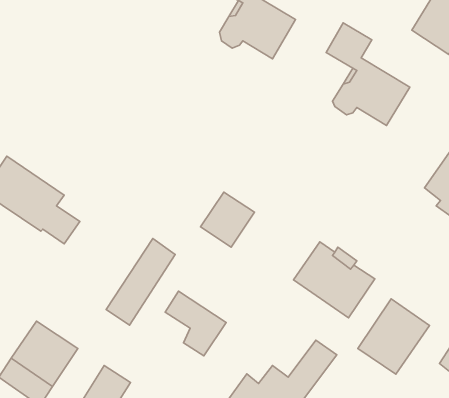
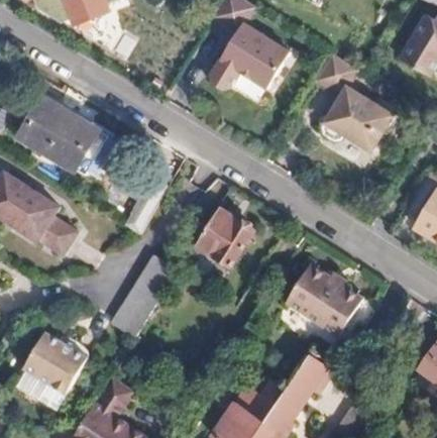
building: none -> [19,99,107,179]
building: [165,291,226,356] -> none
building: [358,299,430,374] -> none

